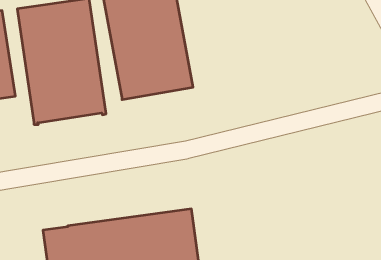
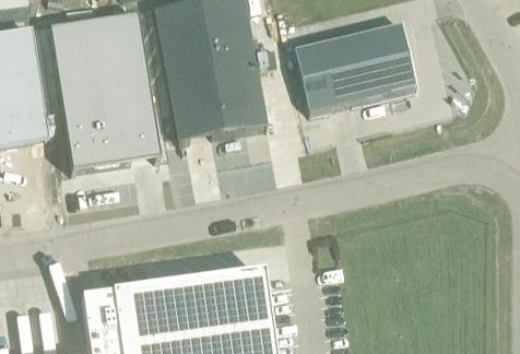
building: none -> [295,21,415,110]

